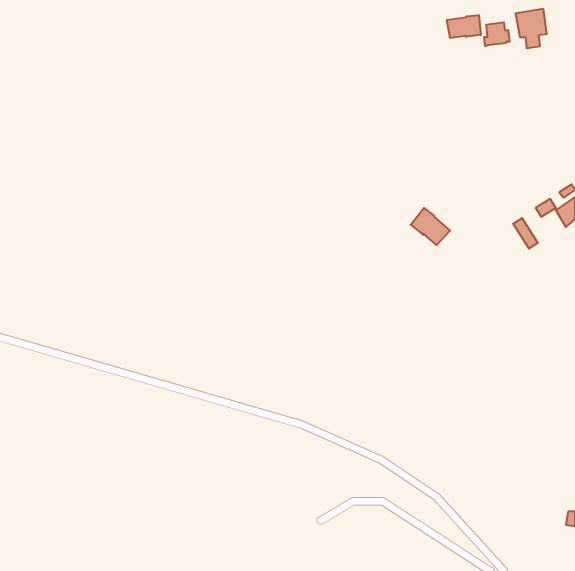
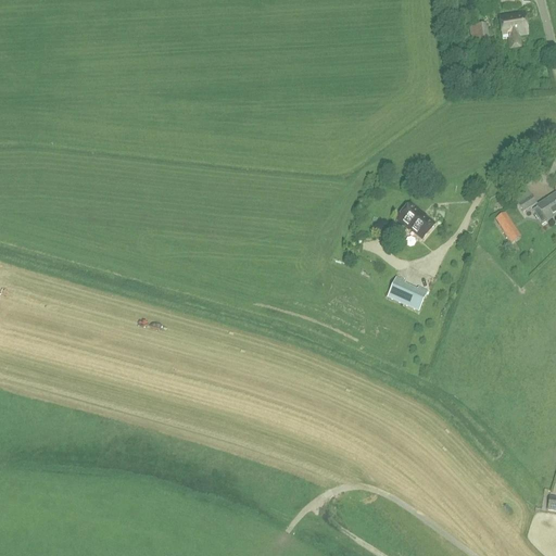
building: [447,15,481,38] -> none
building: none -> [387,275,428,309]

